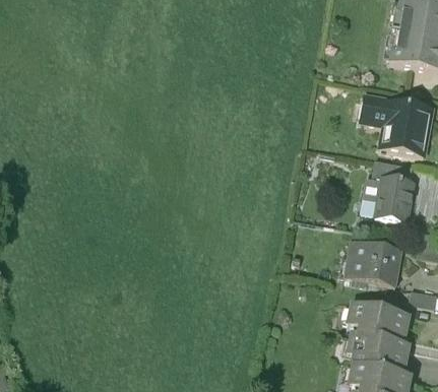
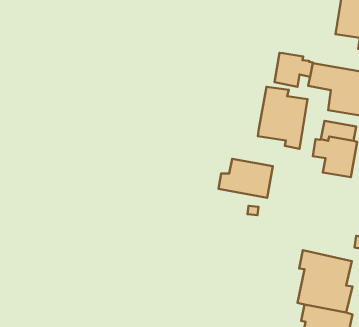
building: none -> [274,53,313,87]
building: none -> [258,87,308,149]
building: [341,242,402,285] -> [218,159,273,198]

